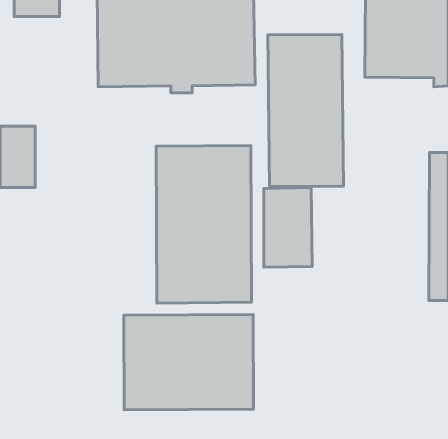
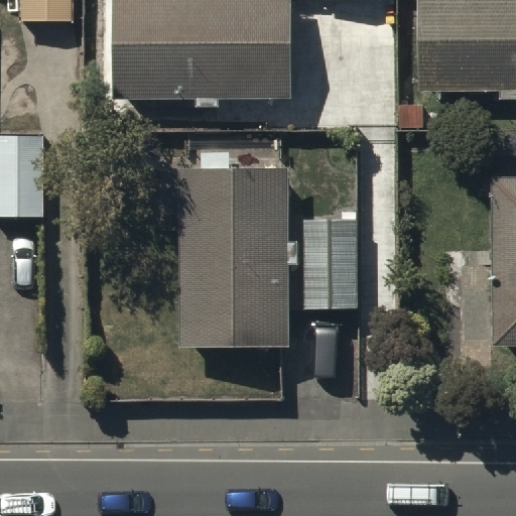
building: [268,34,343,187] -> none
building: [124,314,253,410] -> none

